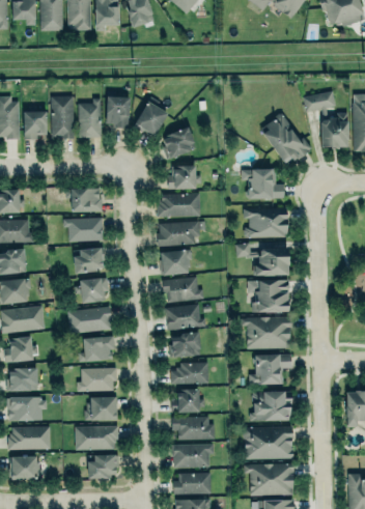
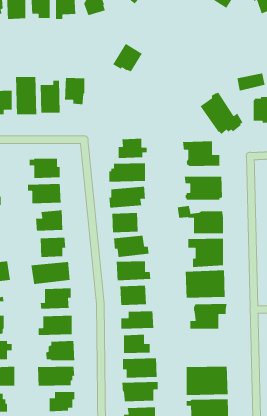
building: [133,102,168,136] -> [112,43,143,73]
building: [162,128,195,160] -> none
building: [250,391,291,421] -> none

